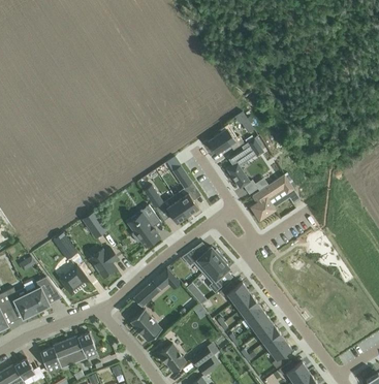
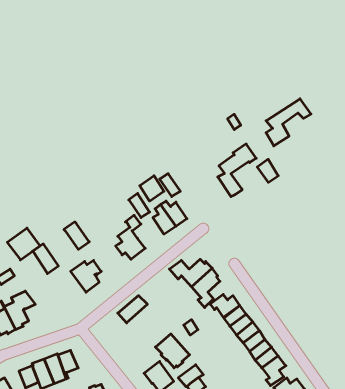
building: [209,130,244,155] -> none
building: [252,175,294,220] -> [266,99,311,146]
building: [59,265,90,295] -> [7,228,40,260]
building: [130,310,162,342] -> [155,334,190,368]

